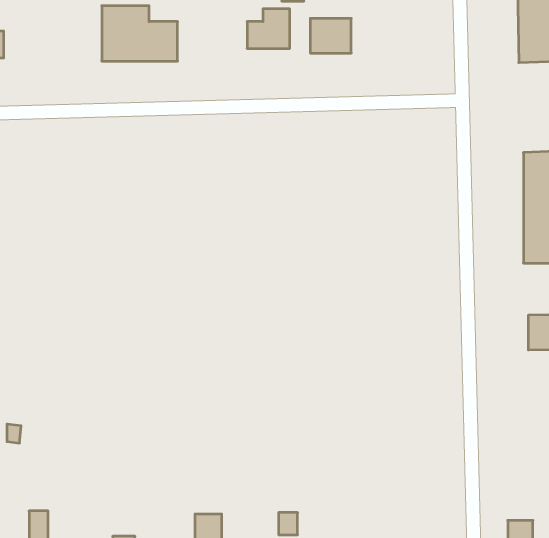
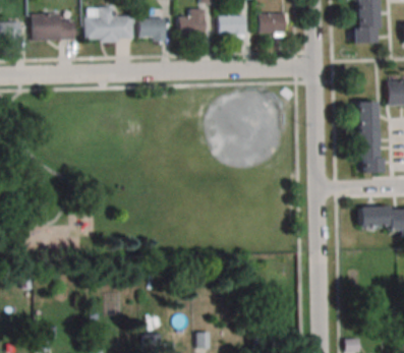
building: none -> [258,12,288,34]
building: none -> [33,13,74,40]
building: none -> [138,17,166,41]

